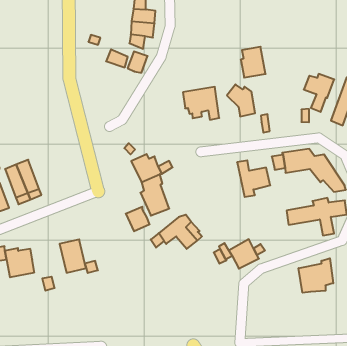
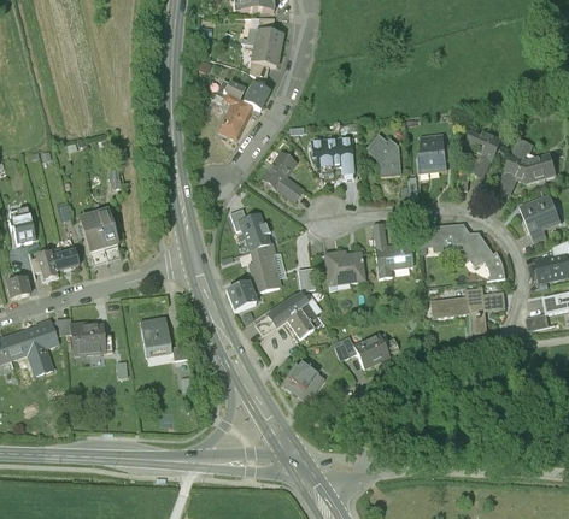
building: [241,47,266,78] -> [417,135,447,172]
building: none -> [213,93,252,140]
building: none -> [259,149,304,204]
building: none -> [324,250,365,287]
building: [299,258,333,293] -> none
building: none -> [281,364,325,403]

